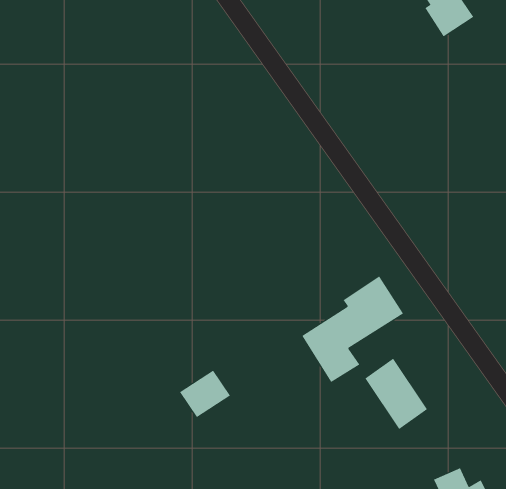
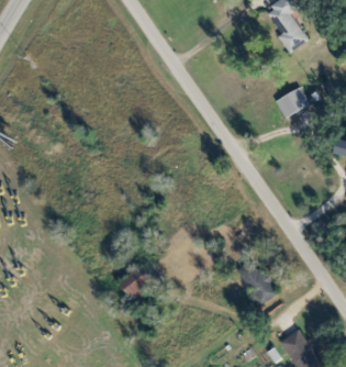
building: none -> [274,87,308,118]
building: [301,276,404,383] -> none

